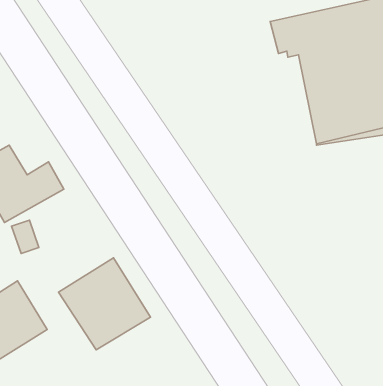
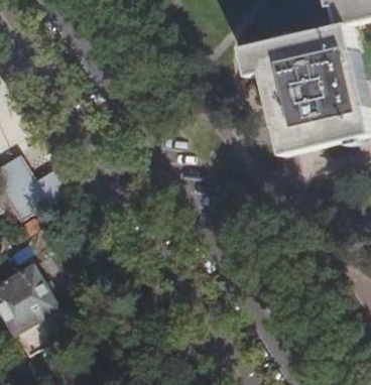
building: [58,258,151,350] -> none

